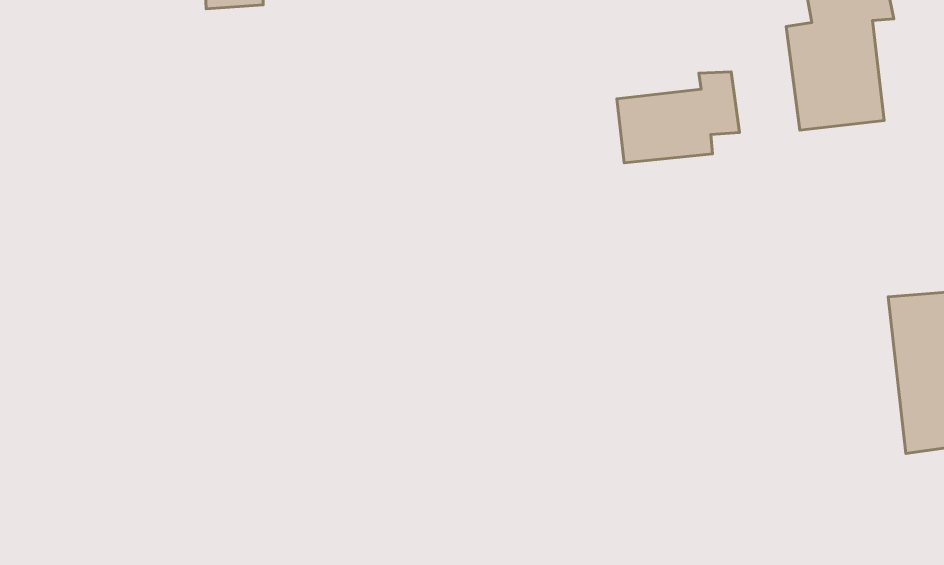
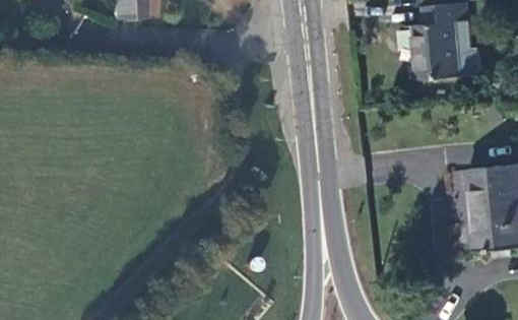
building: [617,72,739,163] -> none

